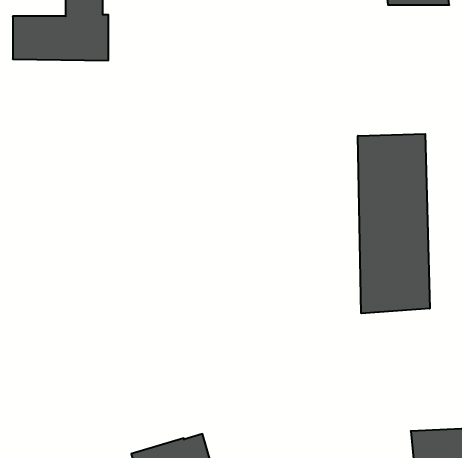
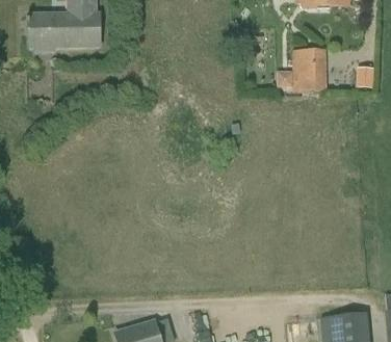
building: none -> [294,49,325,90]
building: [358,134,430,313] -> none

